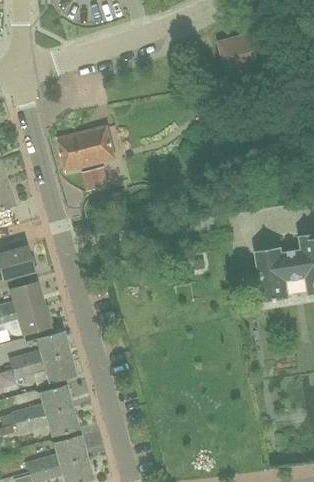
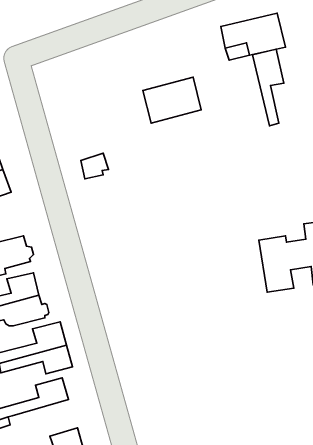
building: none -> [253,49,284,126]
building: [57,125,114,170] -> [143,77,201,123]
building: [15,406,77,435] -> none

